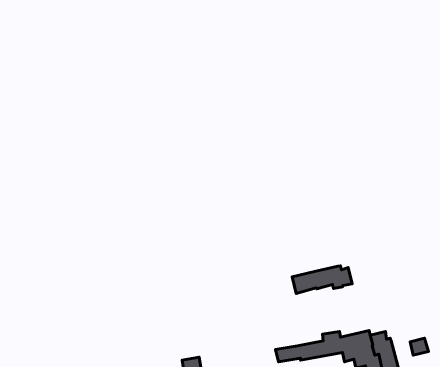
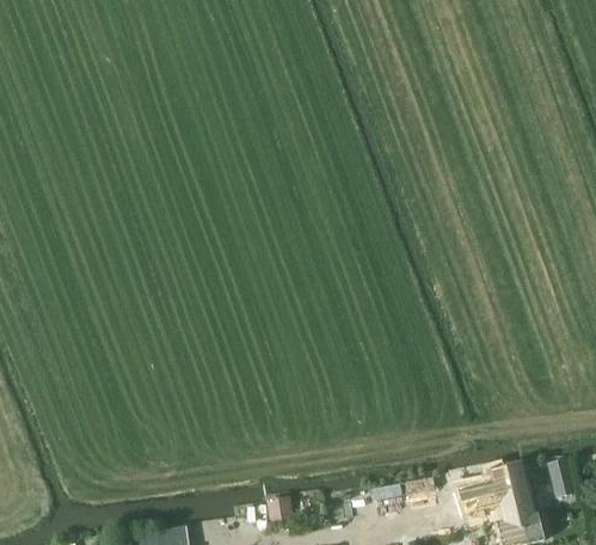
building: [292,266,352,293] -> none

